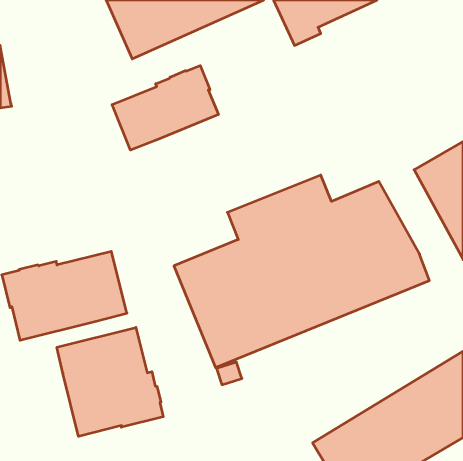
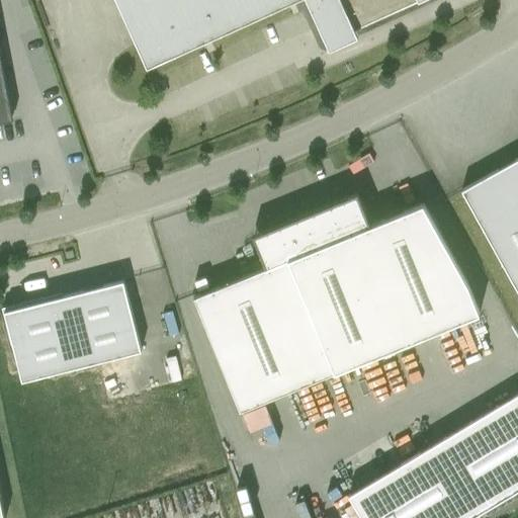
building: [112,66,218,150] -> none
building: [57,327,163,436] -> none

